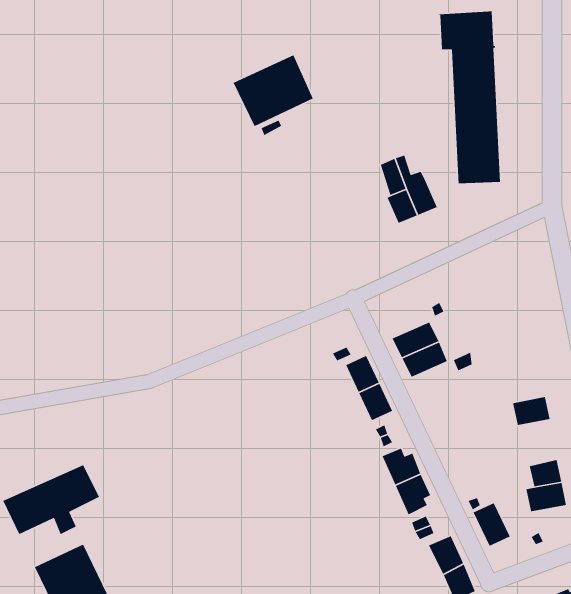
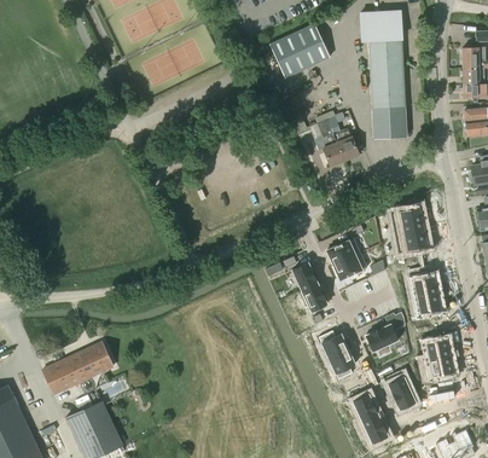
building: [233,54,314,127] -> [271,24,330,77]
building: none -> [391,207,429,253]
building: none -> [411,271,438,297]
building: none -> [366,312,406,352]

